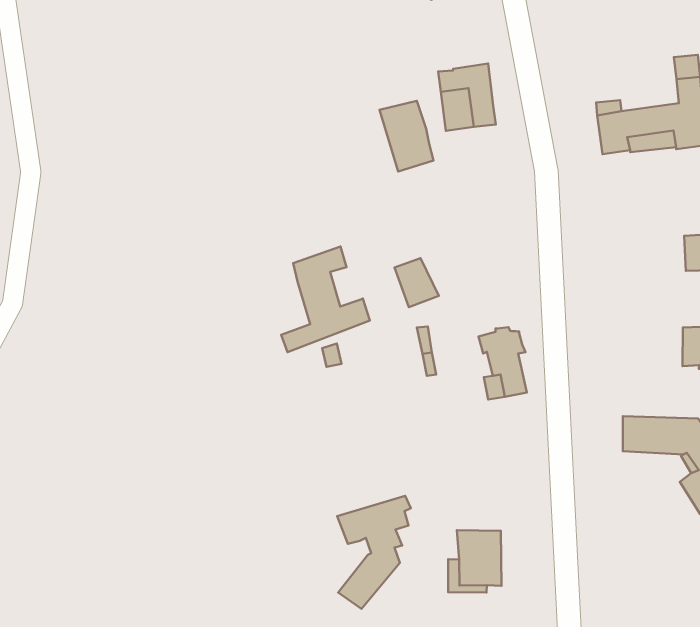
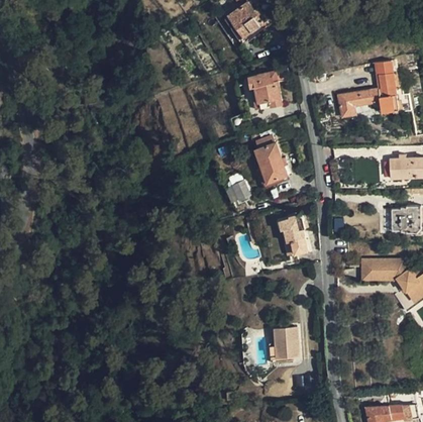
building: [379,101,434,171] -> [254,143,286,183]
building: [281,246,370,352] -> none
building: [337,496,411,609] -> none

